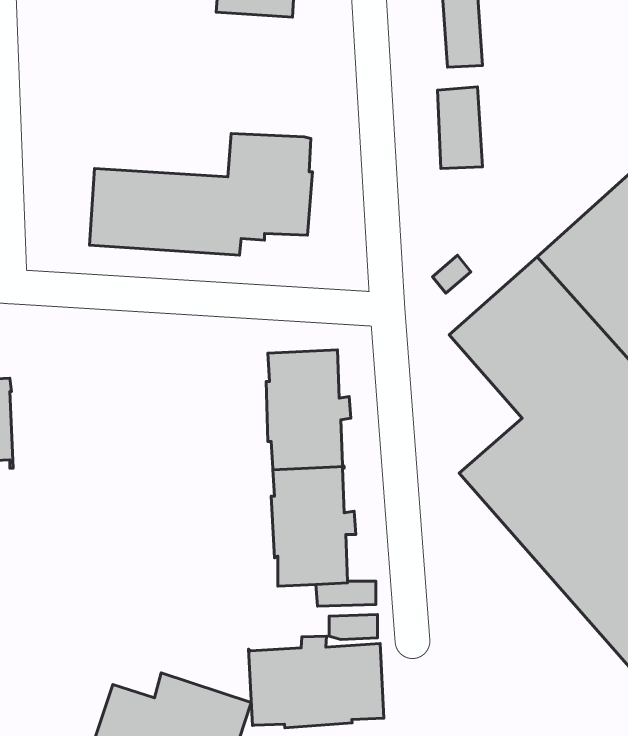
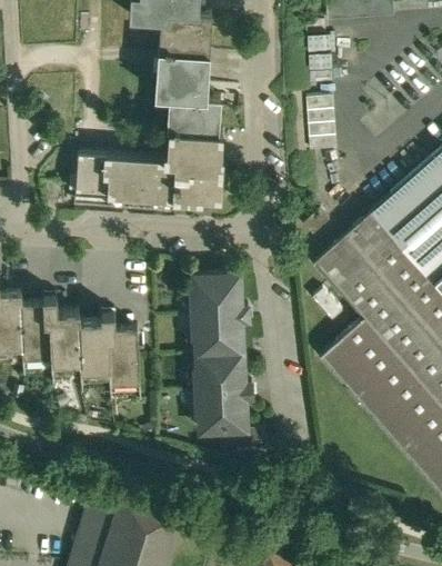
building: none -> [155,49,221,132]
building: none -> [21,294,140,389]
building: [249,636,384,728] -> none

